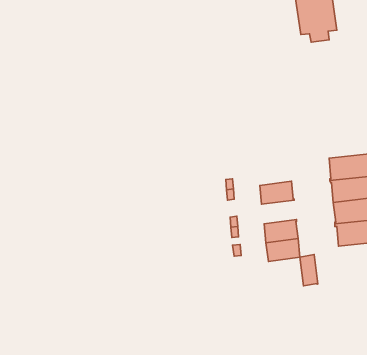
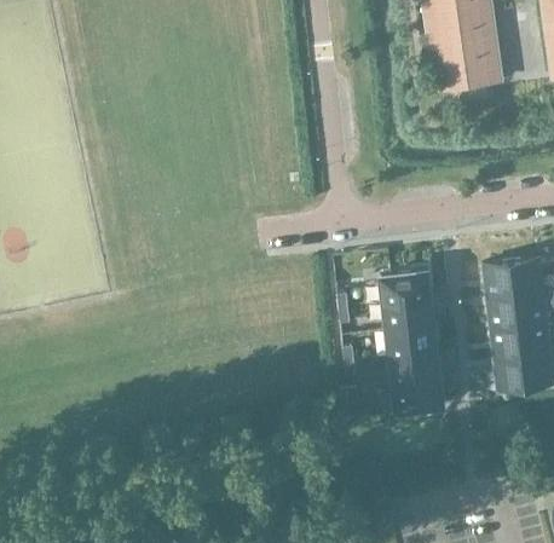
building: none -> [381,271,429,302]
building: none -> [387,323,437,357]
building: [300,255,318,286] -> none

